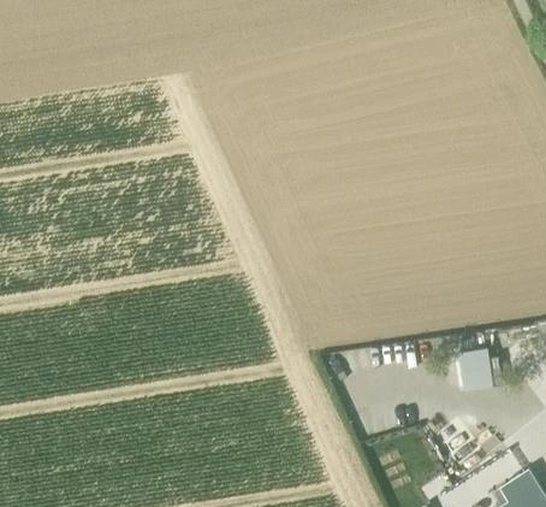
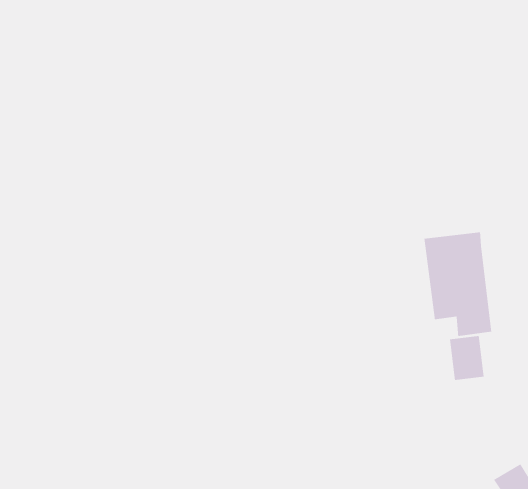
building: none -> [424,231,492,337]

